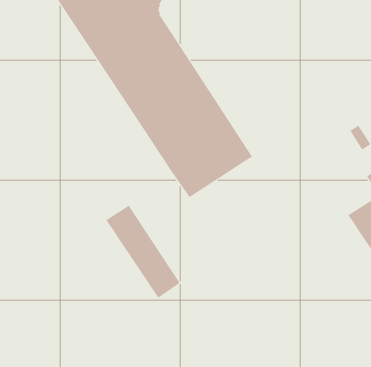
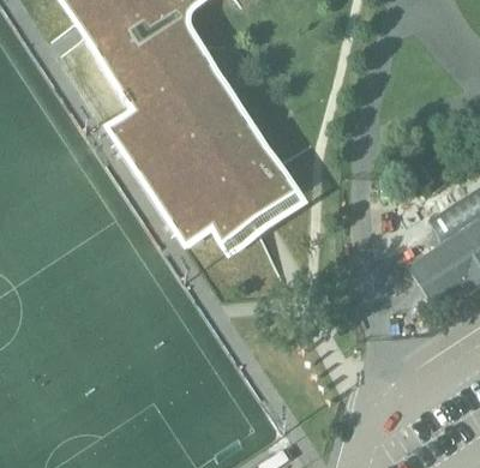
building: [106,205,181,298] -> [118,122,205,232]

